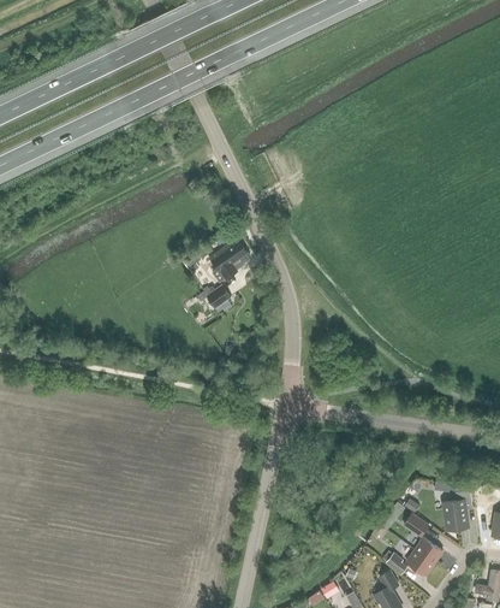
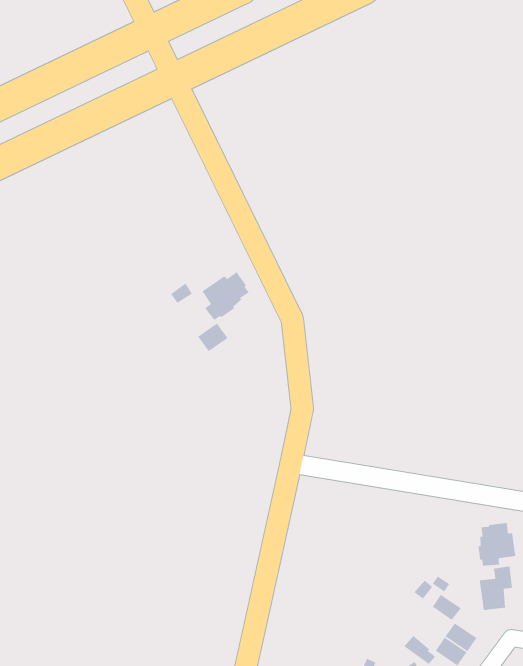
building: none -> [478,522,516,567]

